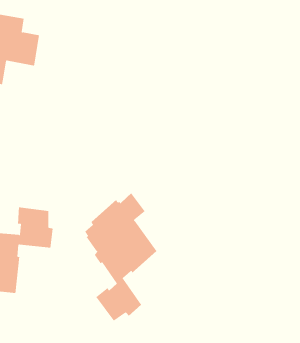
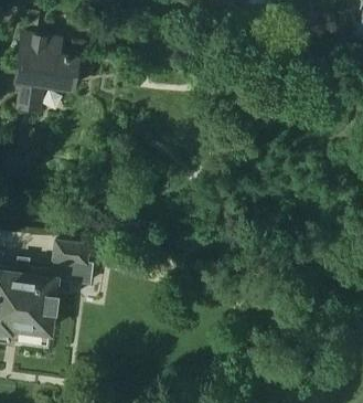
building: [85,192,157,322] -> none

